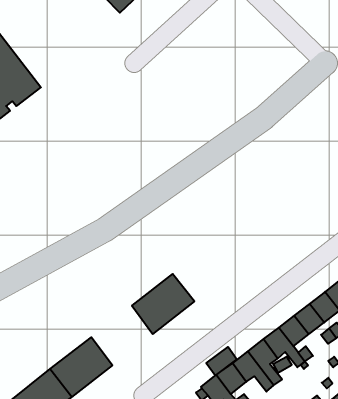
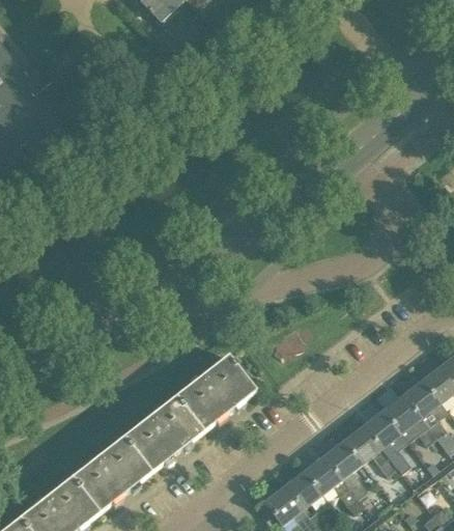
building: none -> [122,396,201,473]
building: [206,347,237,375] -> none

